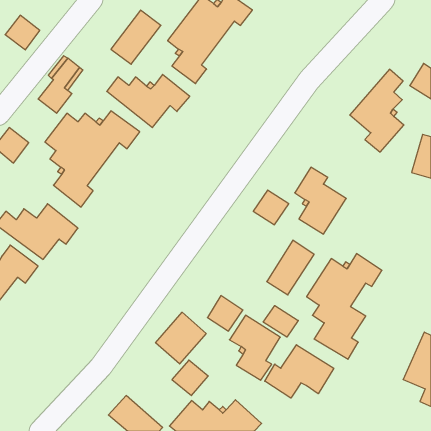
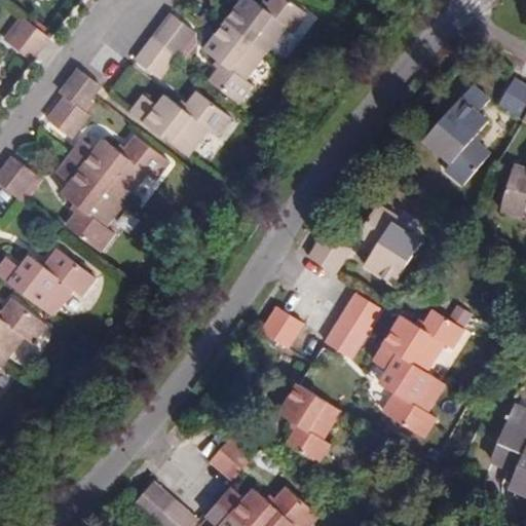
building: [207,296,243,331] -> [260,305,303,348]
building: [263,306,298,337] -> none
building: [156,312,206,364] -> none
building: [265,345,334,398] -> none

